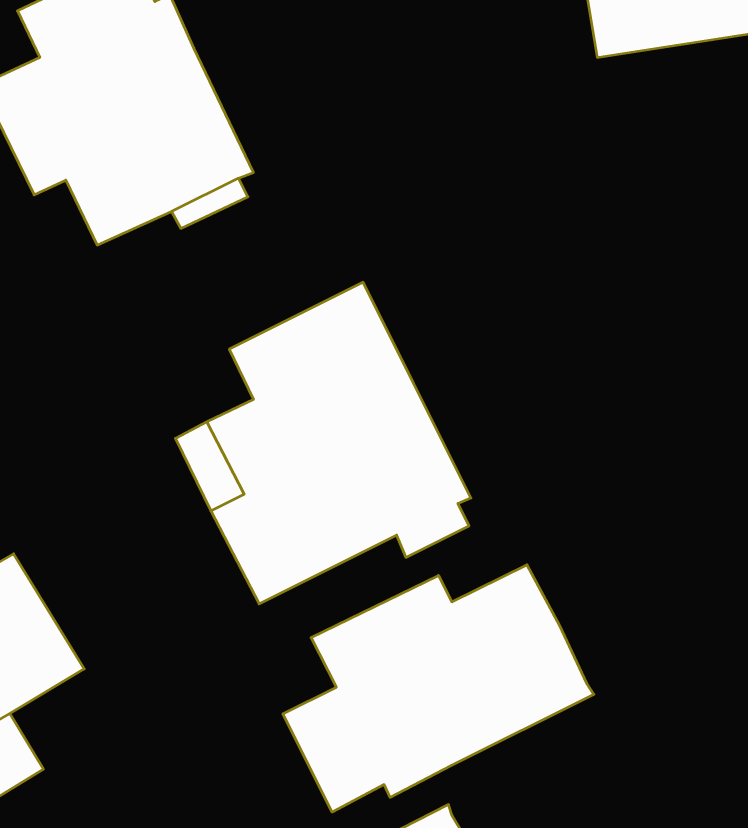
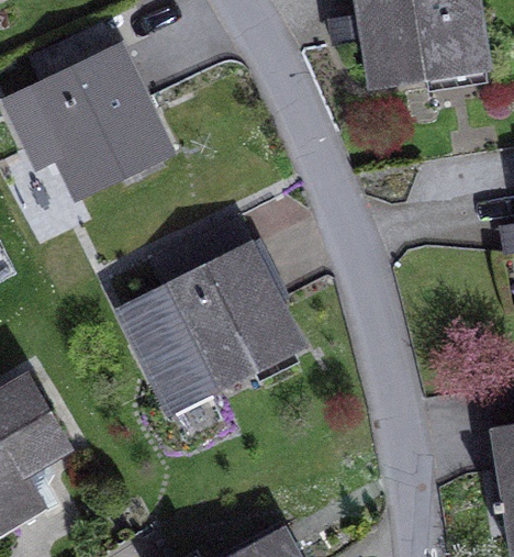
building: [283,565,594,812] -> none

